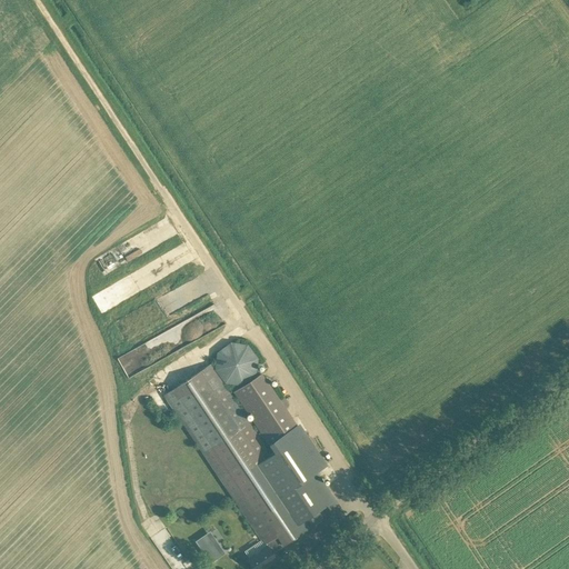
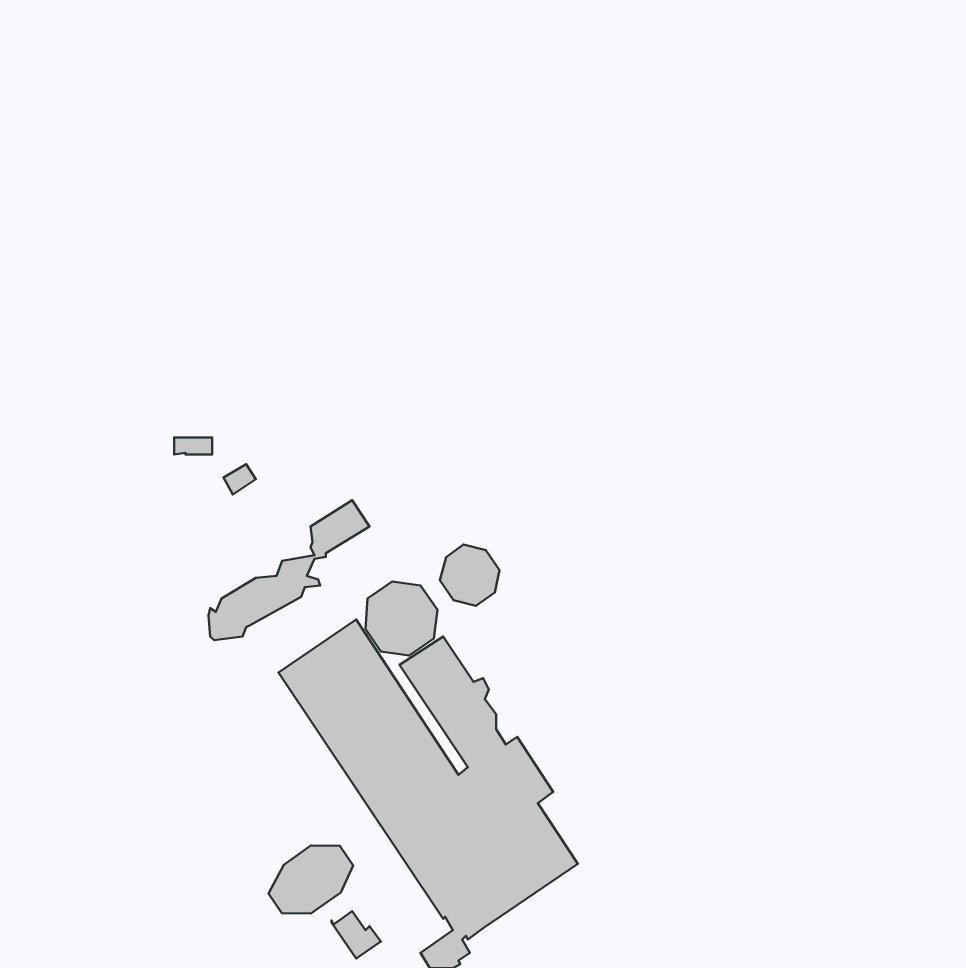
building: none -> [440,545,500,606]
building: none -> [268,846,353,913]

